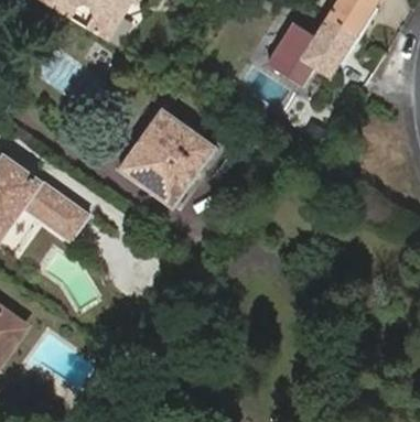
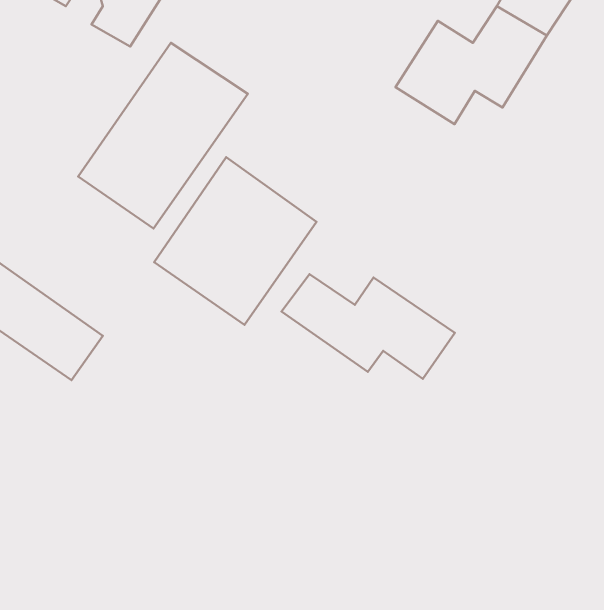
building: none -> [78,43,248,229]
building: none -> [281,274,455,379]

